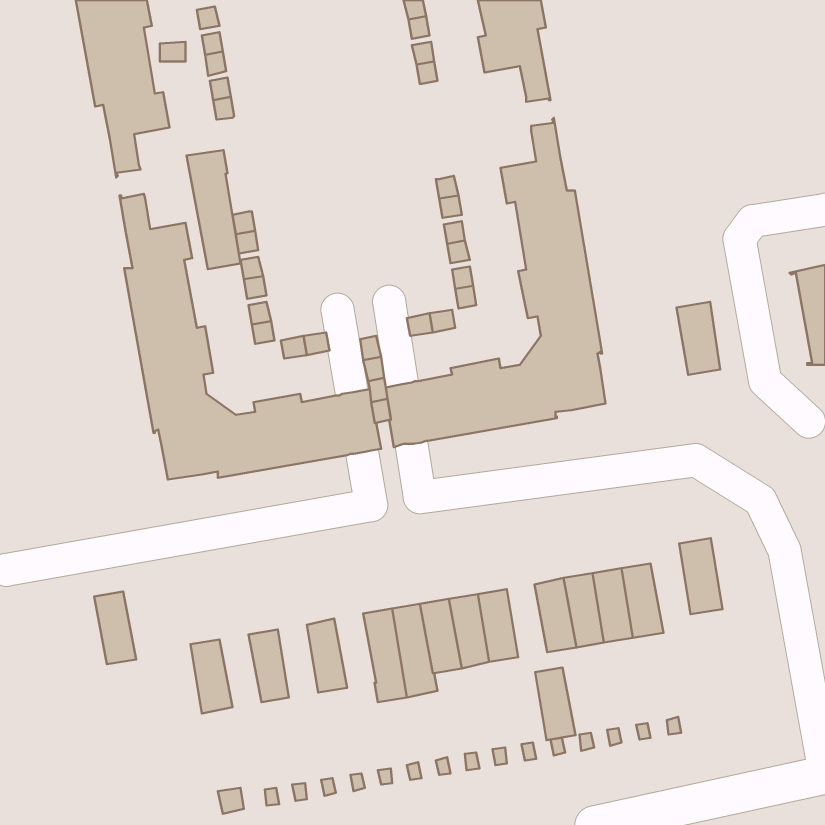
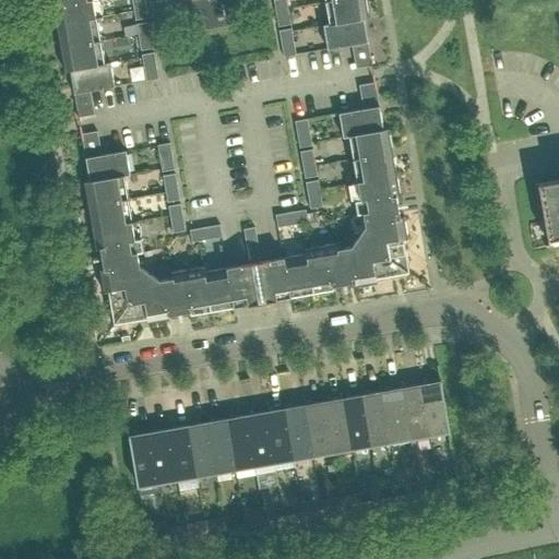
building: [186,150,241,269] -> none
building: [676,302,720,375] -> none
building: [679,538,722,614] -> none
building: [94,592,136,664] -> [148,429,177,478]
building: none -> [226,415,254,465]
building: none -> [188,423,215,472]
building: [535,667,575,740] -> [343,395,370,444]

